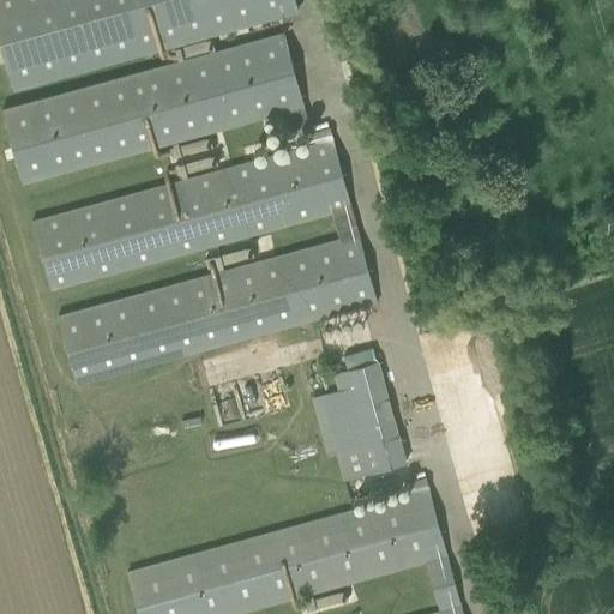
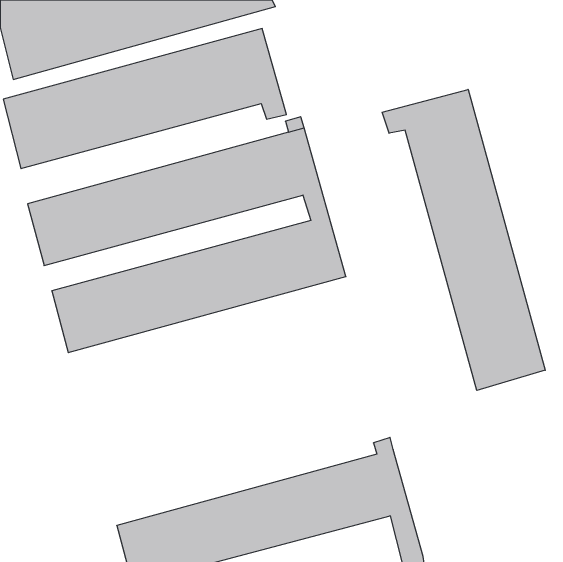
building: none -> [382,89,545,390]
building: [320,362,404,480] -> none

